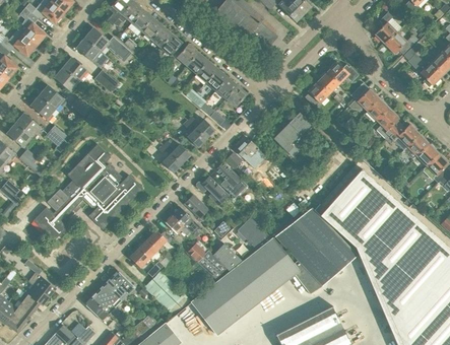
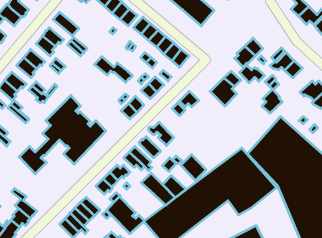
building: [84,27,132,60] -> [94,57,132,82]
building: [327,61,359,83] -> [239,65,264,83]
building: [376,108,401,138] -> [262,89,282,113]
building: [215,161,246,196] -> none

